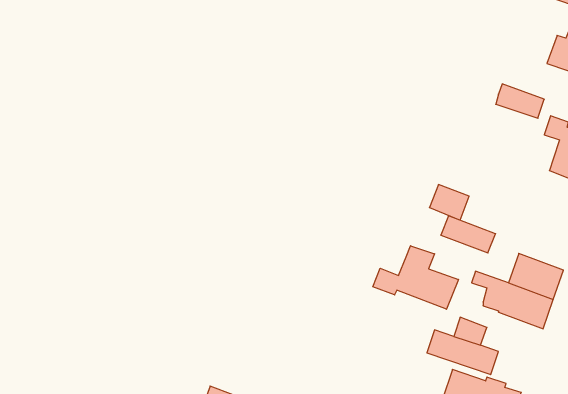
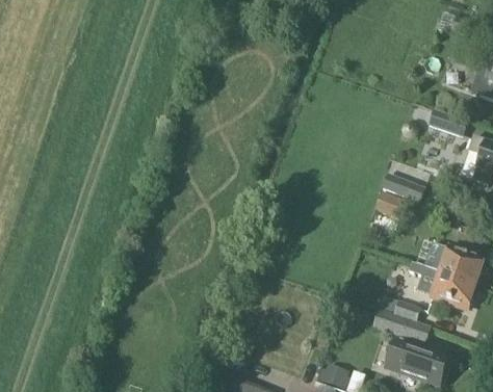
building: [441,216,496,253] -> [382,172,426,202]
building: [373,246,458,309] -> none

